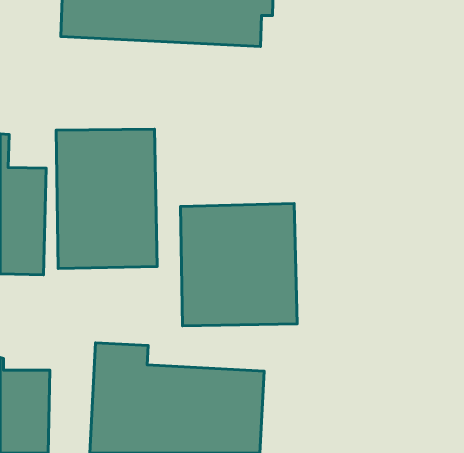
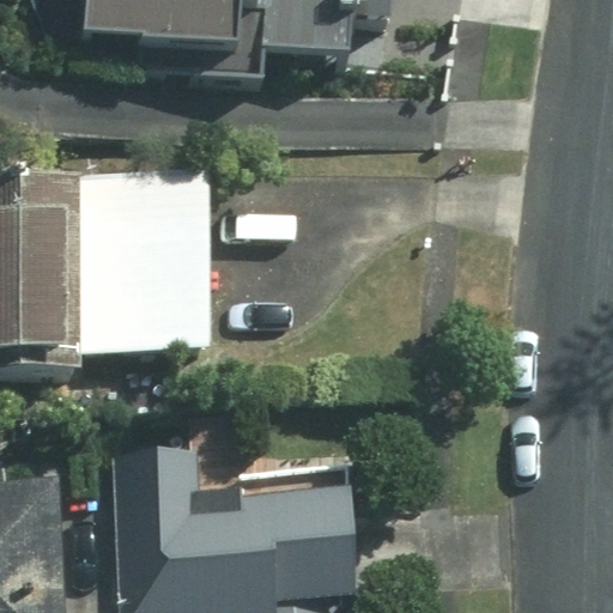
building: [180,204,297,326] -> none

